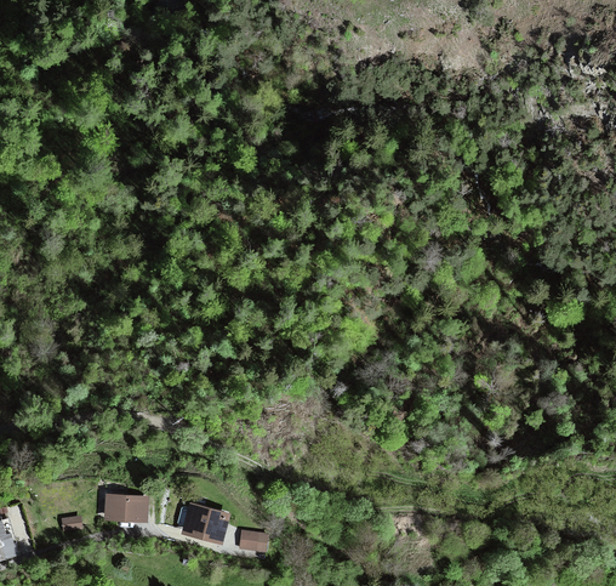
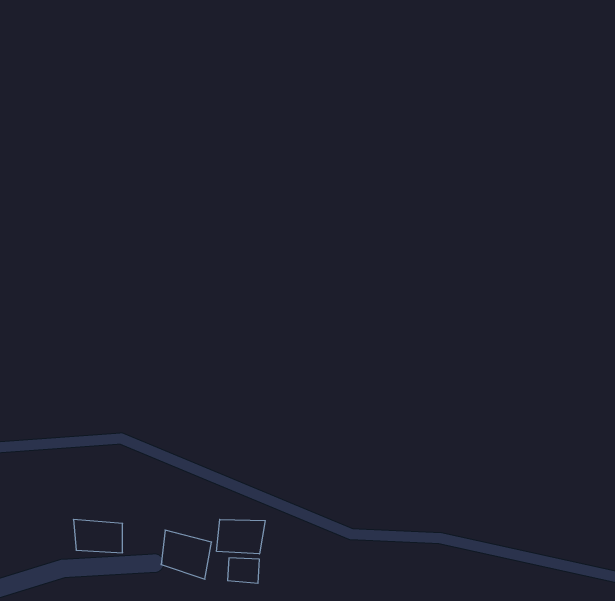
building: none -> [217,519,265,554]

